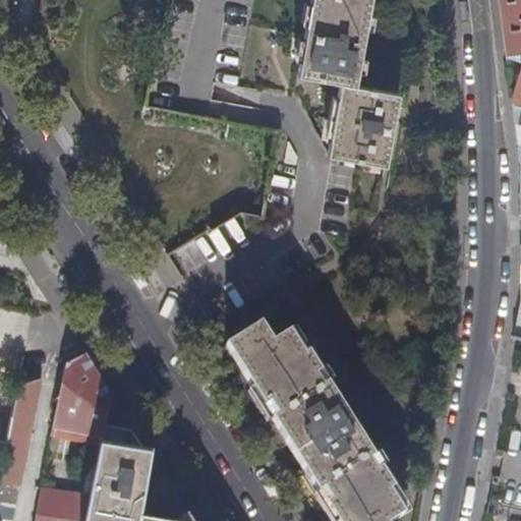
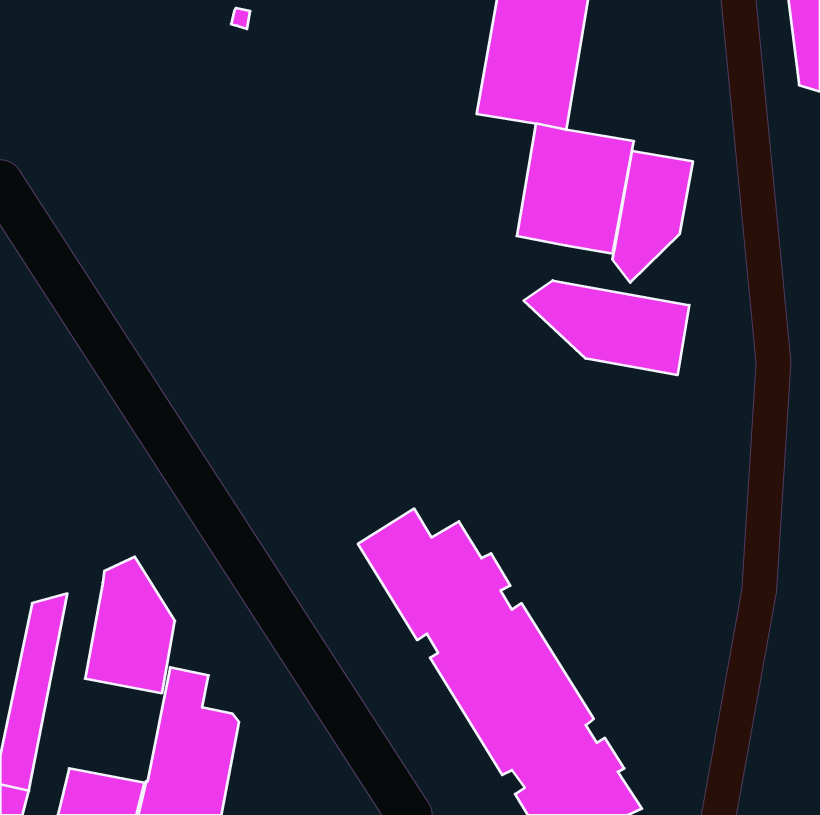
building: none -> [612,151,693,283]
building: none -> [524,280,689,375]

